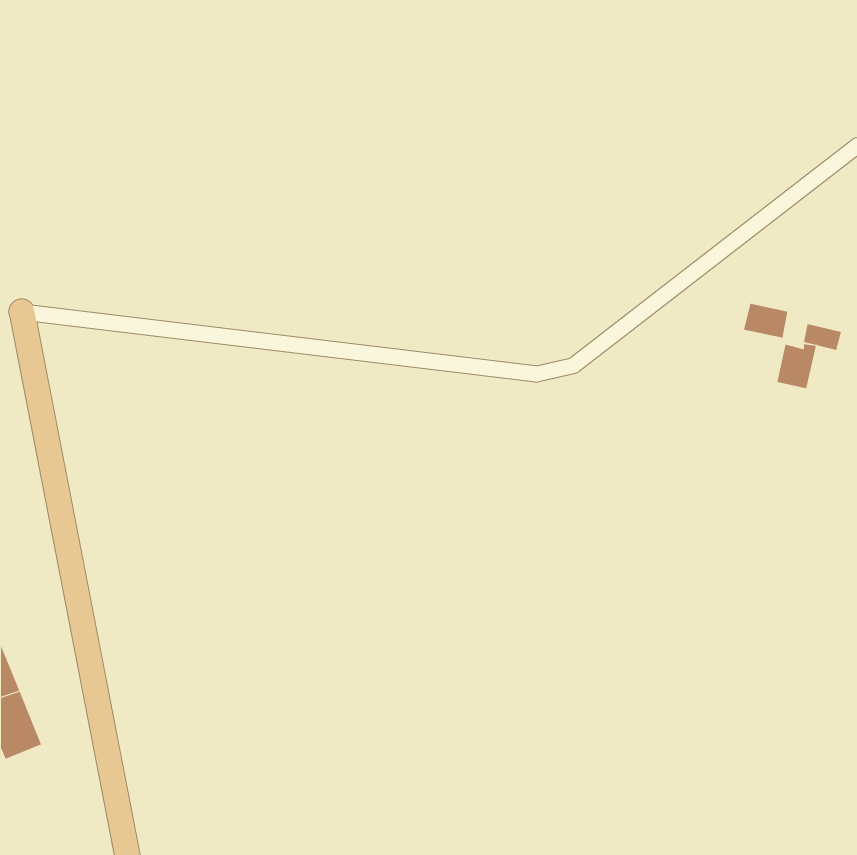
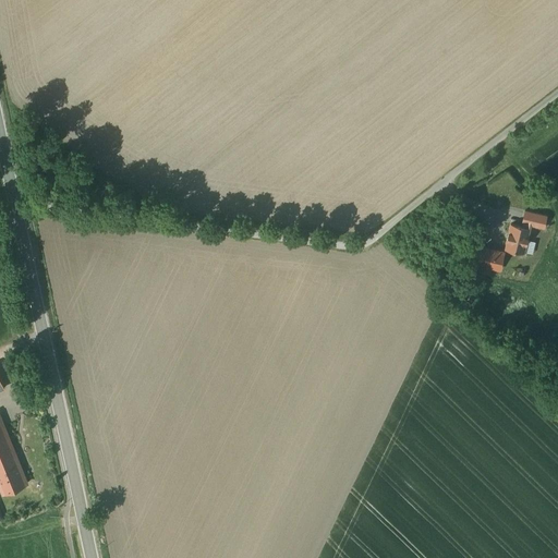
building: [743,303,788,338] -> [474,247,504,270]

